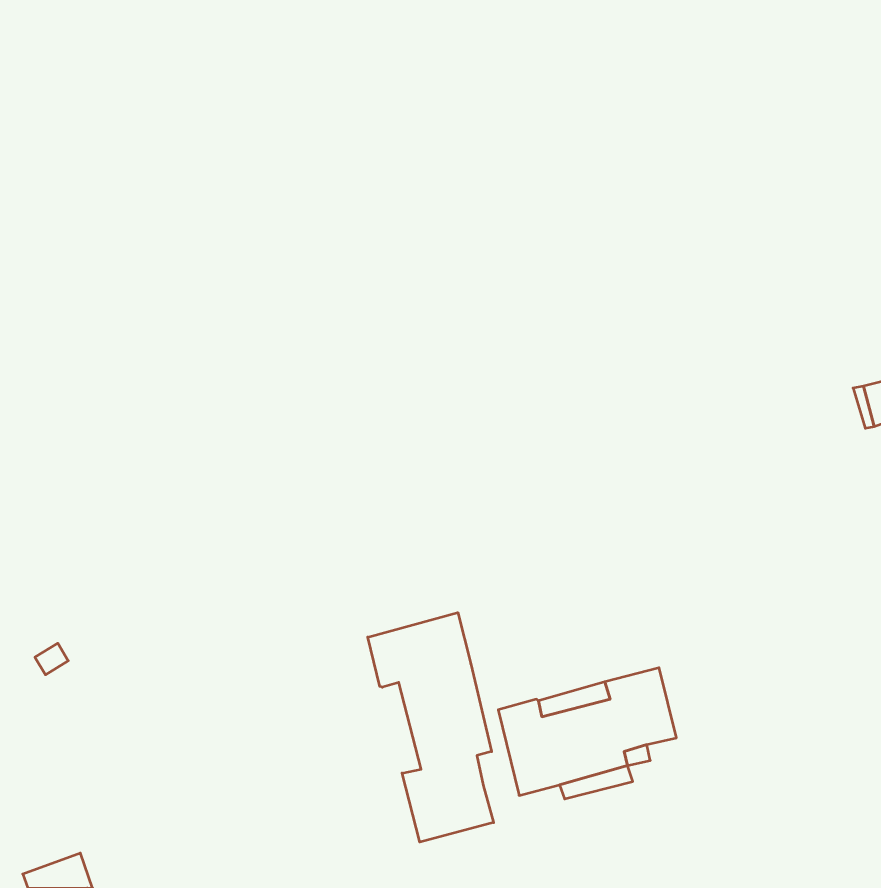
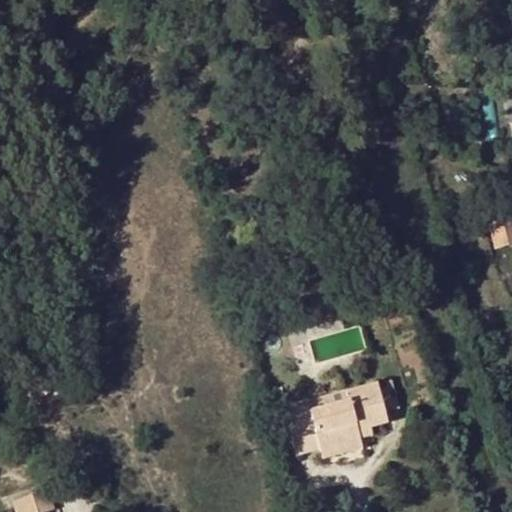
building: [368,613,494,842] -> none

